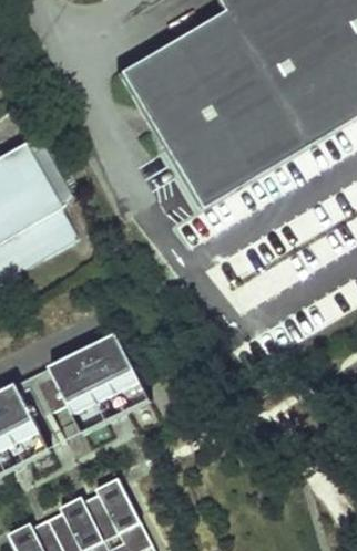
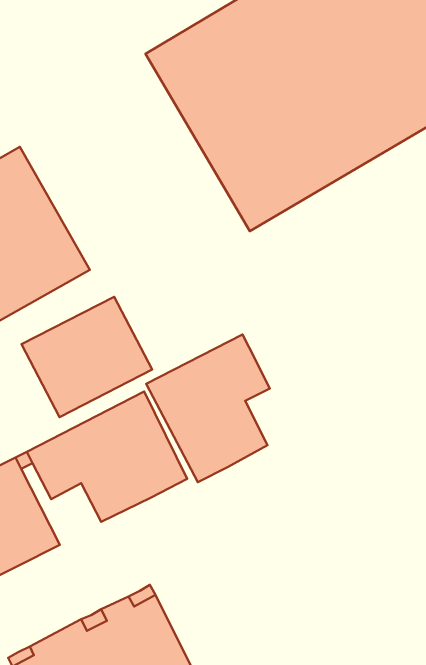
building: none -> [22,297,152,417]
building: none -> [146,335,270,482]

